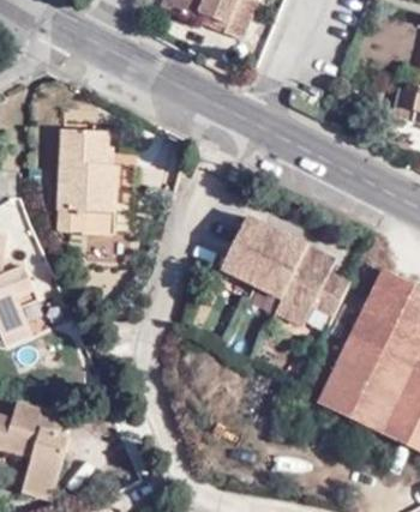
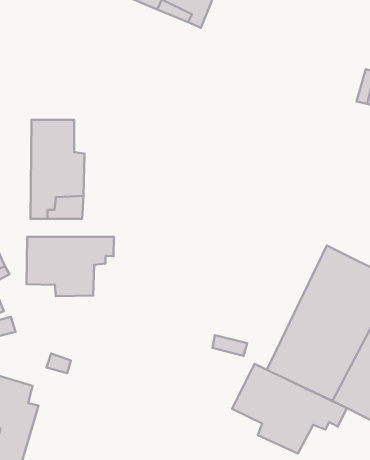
building: [220,212,349,325] -> none
building: none -> [27,237,114,296]
building: none -> [232,364,347,453]

